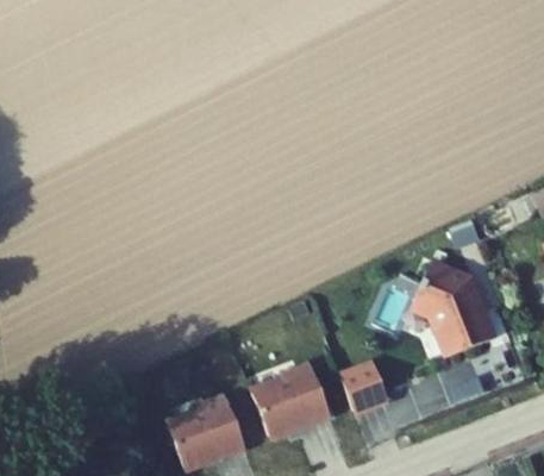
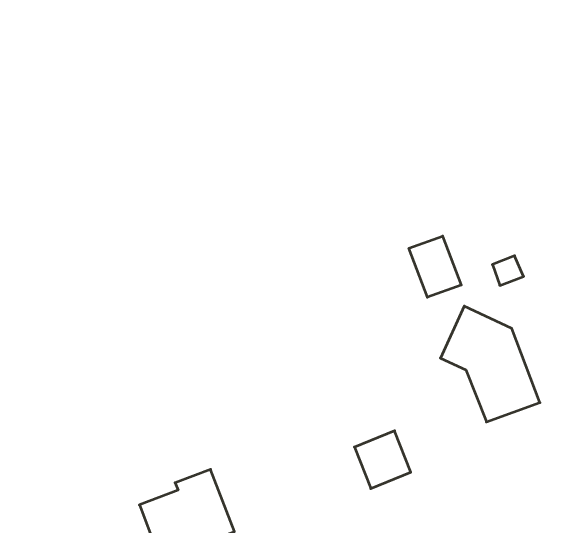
building: none -> [409,236,461,297]
building: [252,364,329,437] -> none

